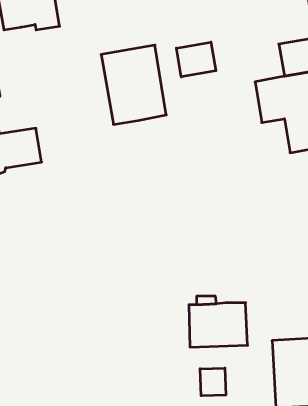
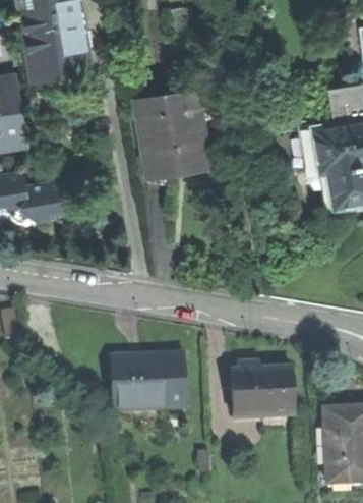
building: [176,42,216,77] -> none
building: none -> [110,353,187,410]
building: [200,368,226,396] -> none

